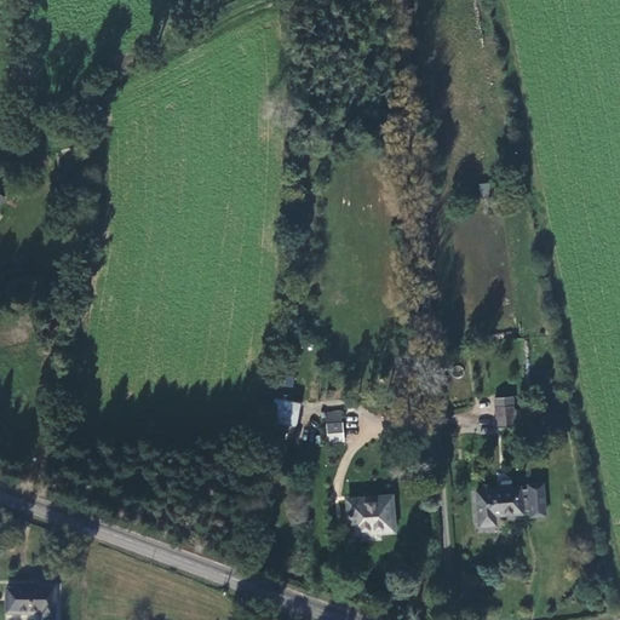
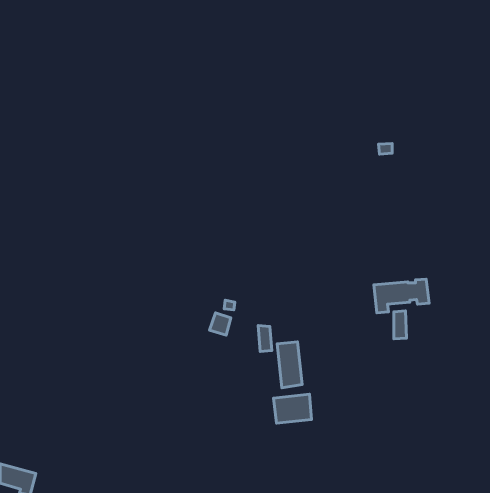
building: none -> [277,342,302,388]
building: [473,483,542,526] -> [374,279,429,313]

